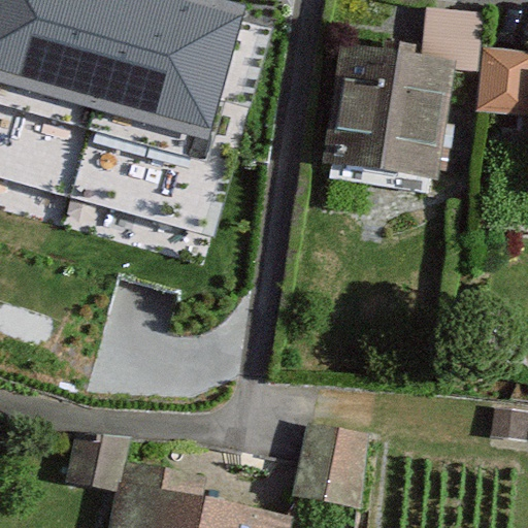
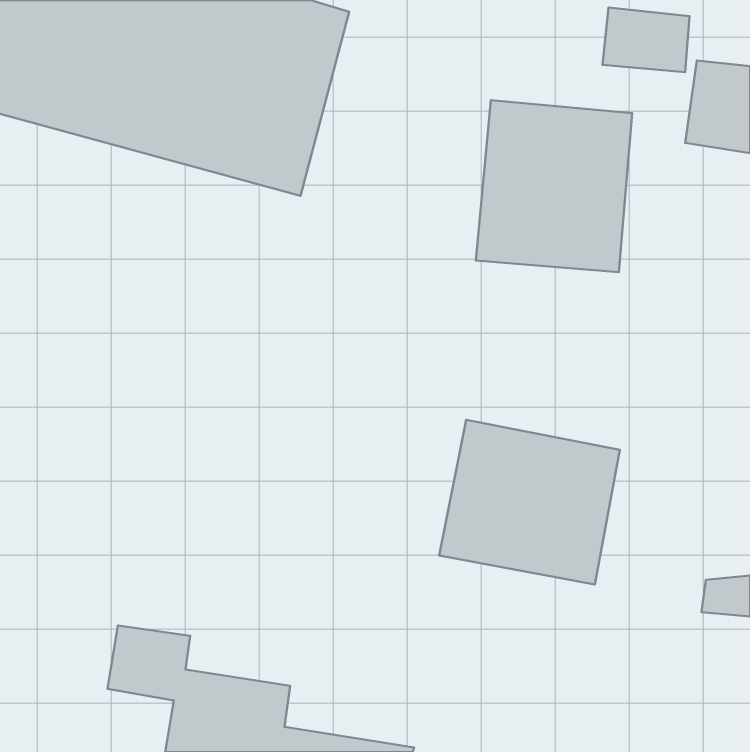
building: none -> [439,420,620,584]
building: [299,432,368,508] -> none

